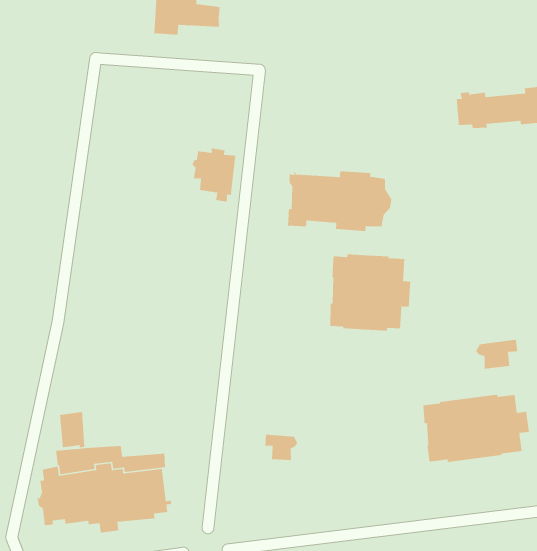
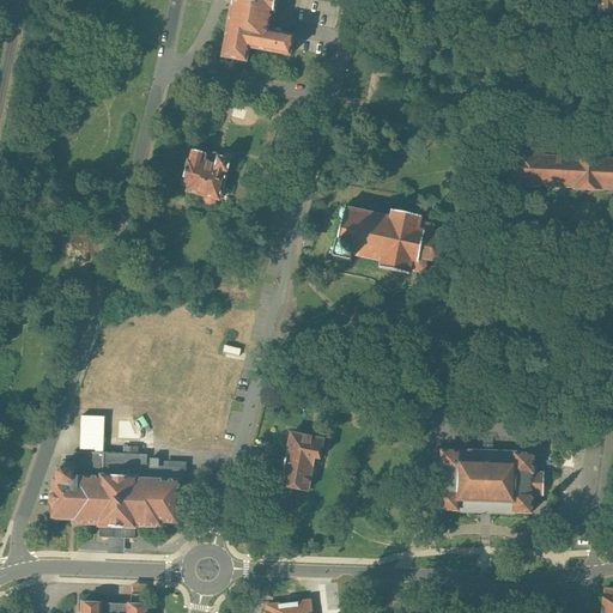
building: [192,147,236,203] -> [183,148,229,205]
building: [329,253,411,331] -> none
building: [475,339,518,369] -> none
building: none -> [281,433,322,466]

